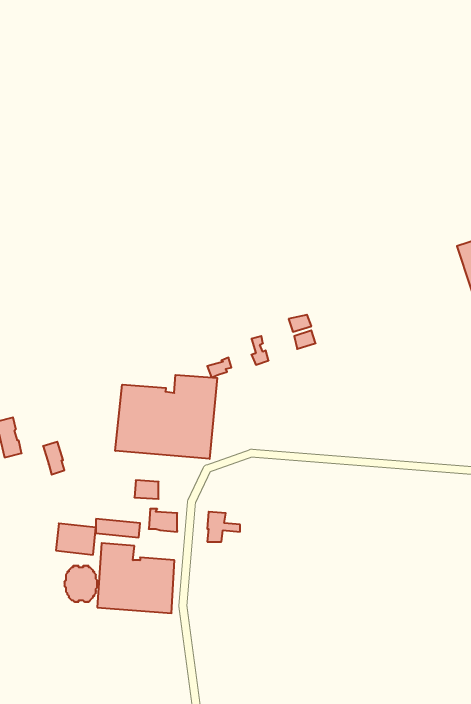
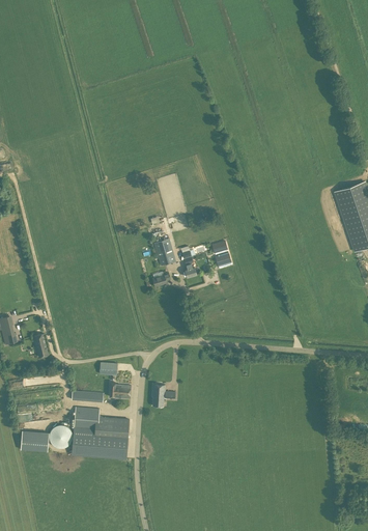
building: none -> [153,237,175,266]
building: [115,375,217,459] -> none
building: [56,523,96,555] -> [19,428,48,451]

